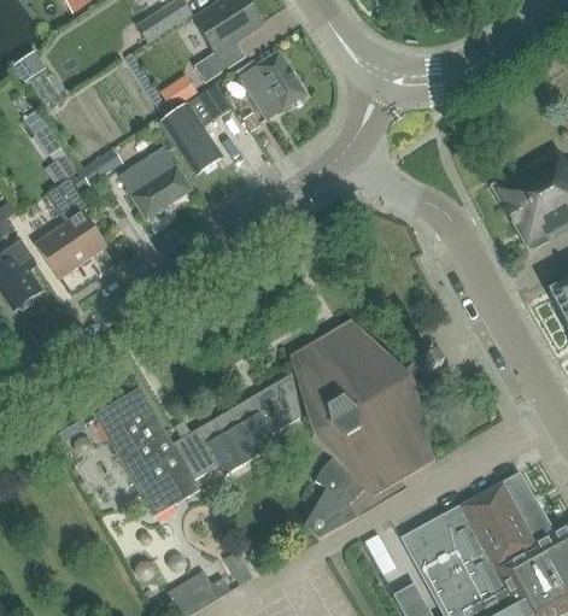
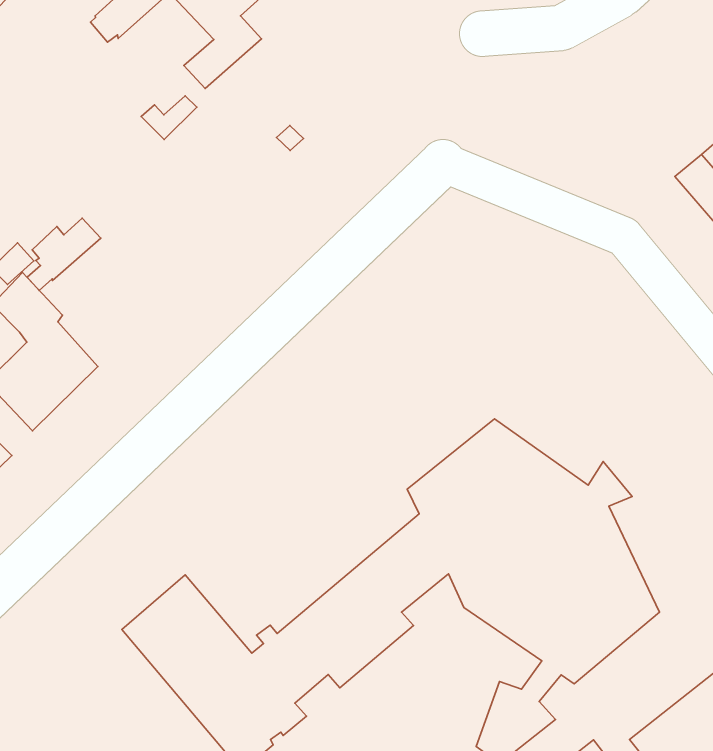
building: [234,49,306,122] -> none
building: [156,83,232,175] -> none
building: [118,146,193,221] -> none

